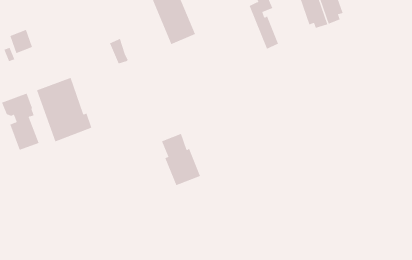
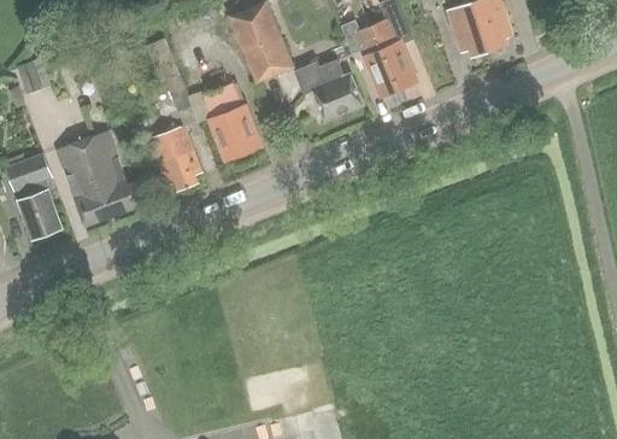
building: none -> [341,21,399,96]
building: none -> [294,60,363,119]
building: none -> [148,125,201,192]
building: [161,133,201,186] -> [202,82,262,160]

